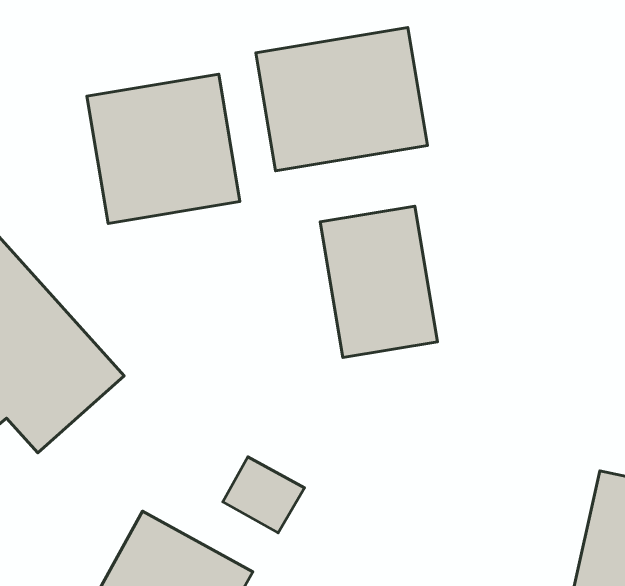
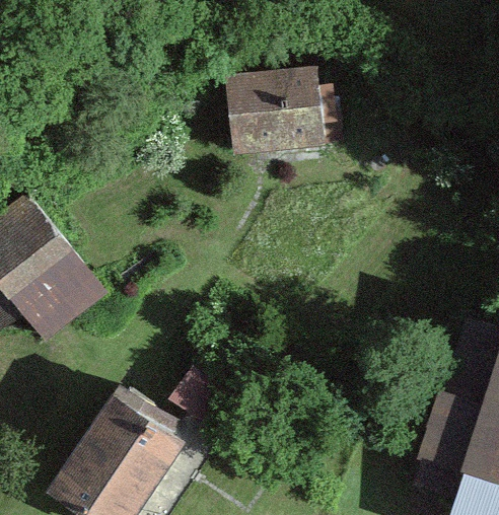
building: [87,74,240,223] -> none
building: [320,206,437,357] -> none

